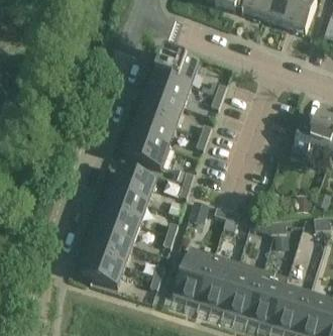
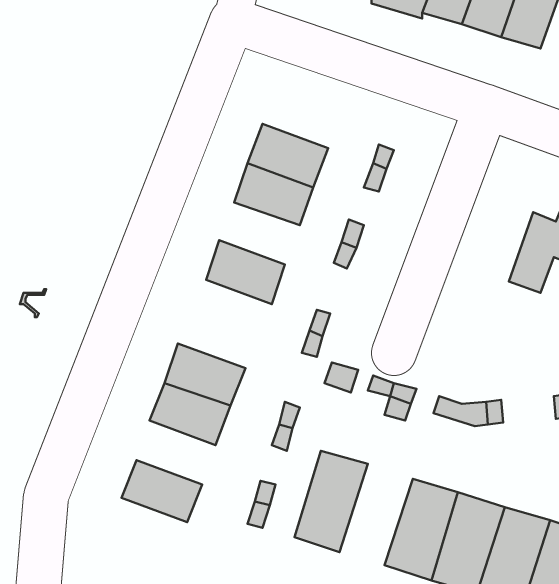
building: [155,51,198,85] -> none
building: [132,114,176,147] -> none
building: [110,169,153,203] -> none
building: [88,231,130,265] -> none
building: [197,254,236,309] -> none

